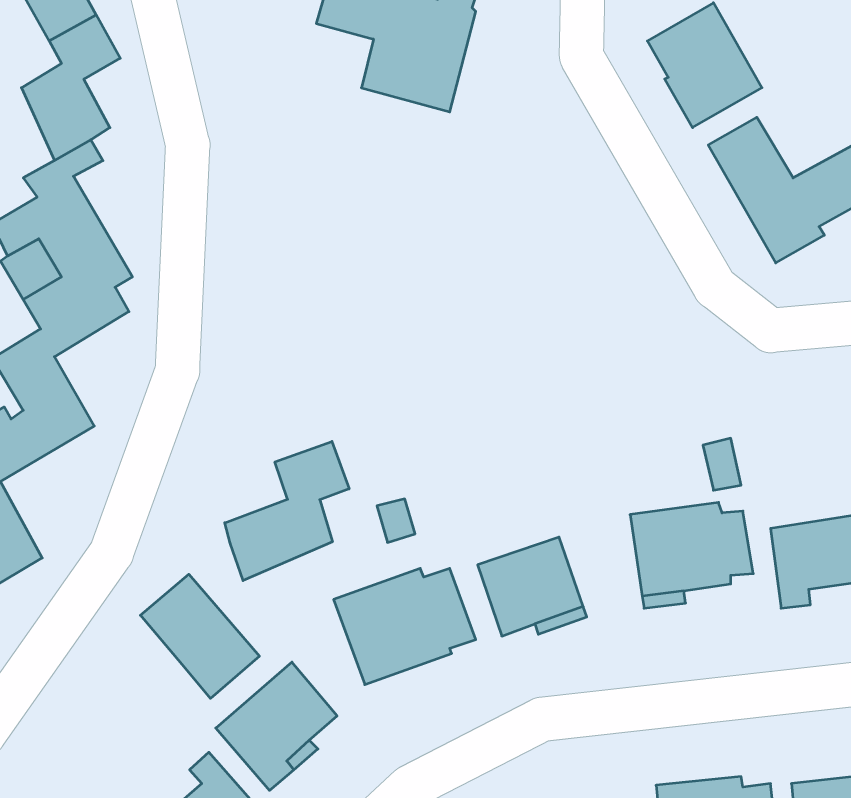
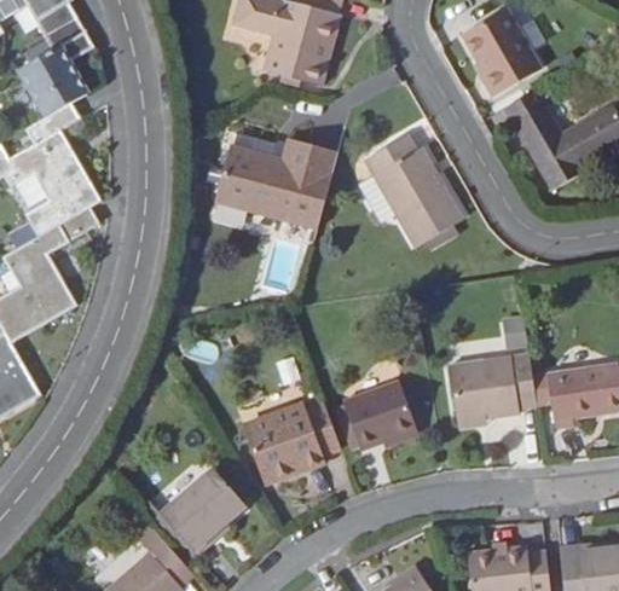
building: none -> [214,123,339,230]
building: none -> [364,133,463,247]
building: [225,441,349,581] -> none
building: [140,574,259,698] -> none

